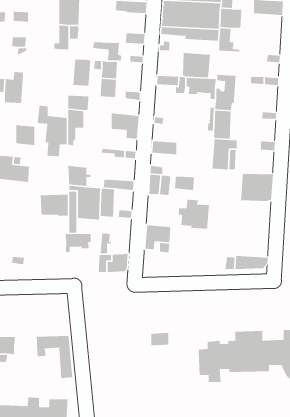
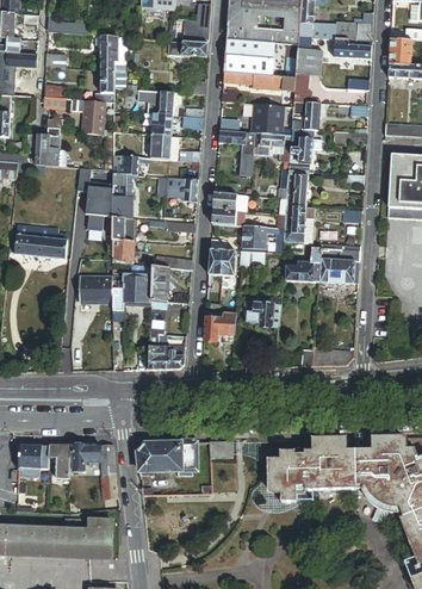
building: none -> [291,101,319,130]
building: [72,59,91,87] -> [81,99,104,132]
building: [15,124,35,146] -> [111,215,135,241]
building: none -> [213,192,247,211]
building: none -> [242,227,286,254]
building: none -> [286,248,322,281]
building: [65,233,92,253] -> none
building: none -> [137,441,197,476]
building: none -> [48,445,72,476]

